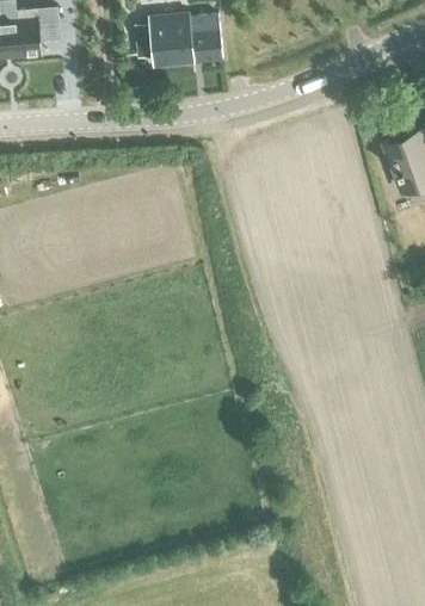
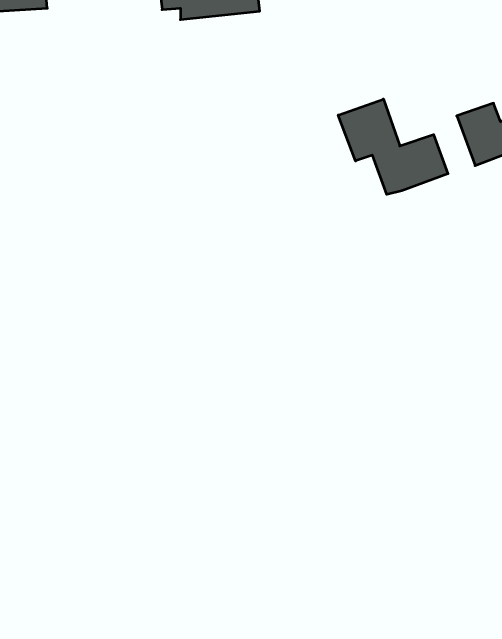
building: none -> [338,99,448,194]

